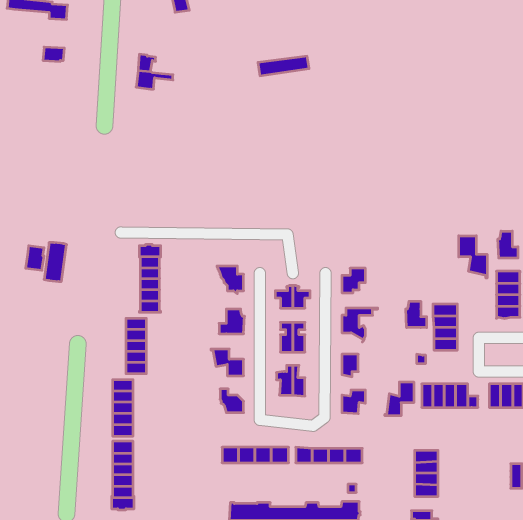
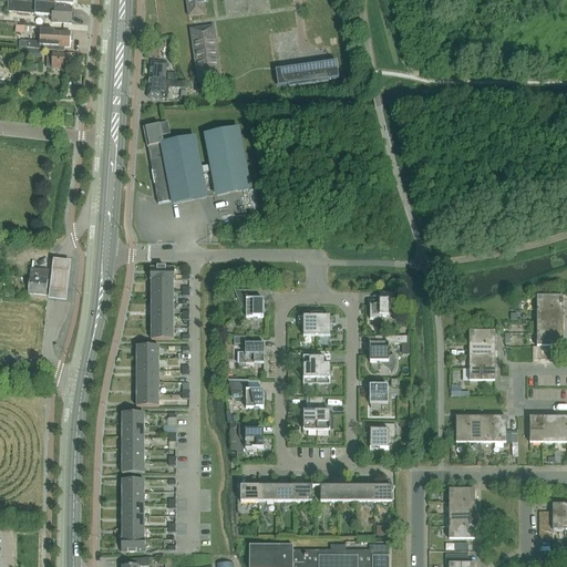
building: none -> [192,24,220,79]
building: none -> [28,29,71,50]
building: none -> [143,120,249,202]
building: [498,231,518,258] -> none
building: [459,236,487,278] -> none
building: [406,301,427,328] -> none
building: [385,382,414,416] -> none

